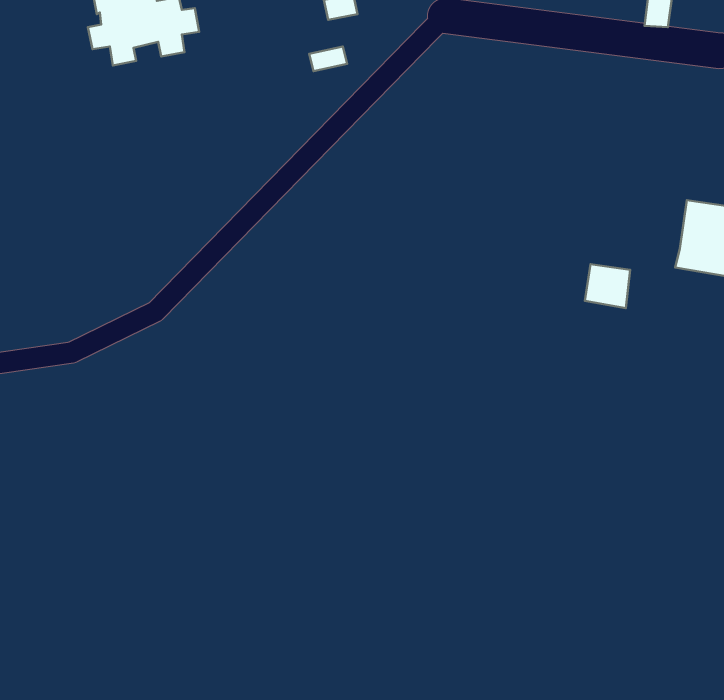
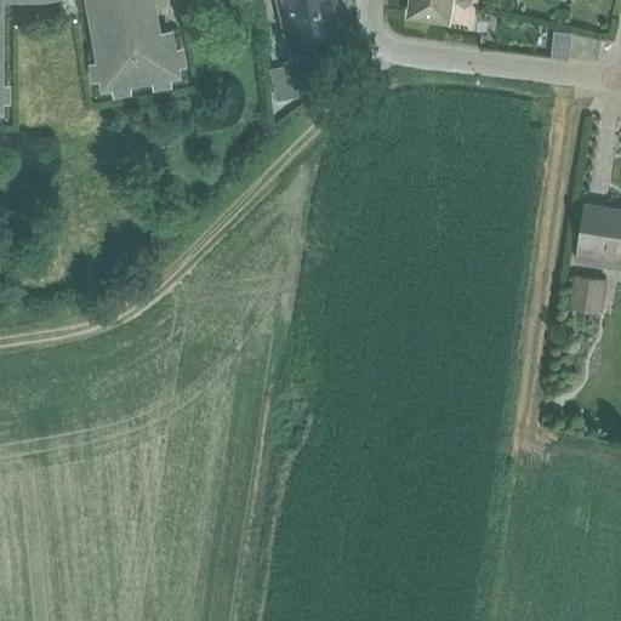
building: [585,264,630,308] -> [569,275,606,312]

